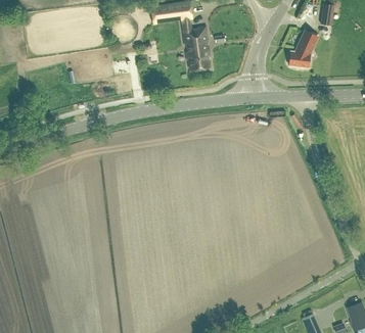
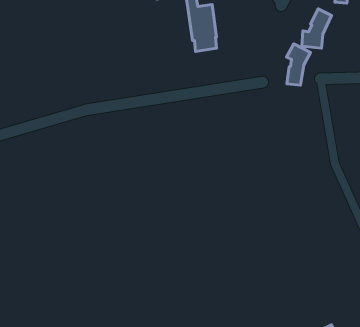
building: none -> [287,44,310,85]

